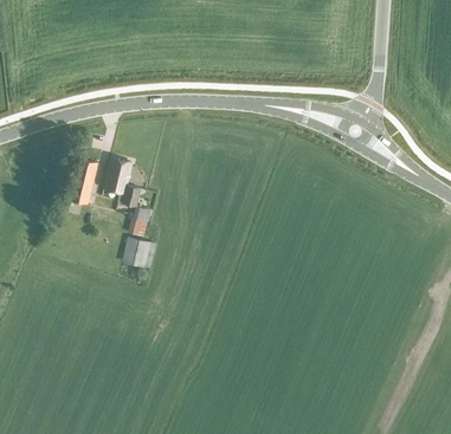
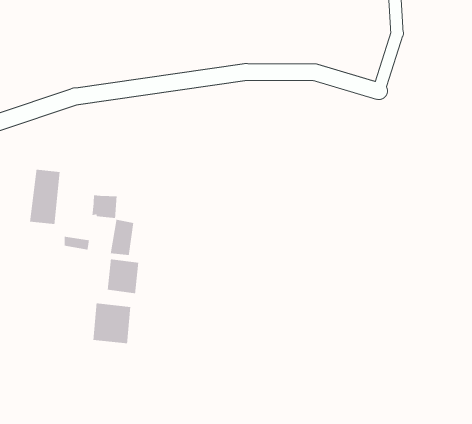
building: [103,157,130,190] -> none
building: none -> [92,303,131,344]

